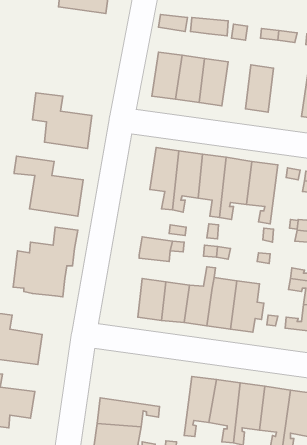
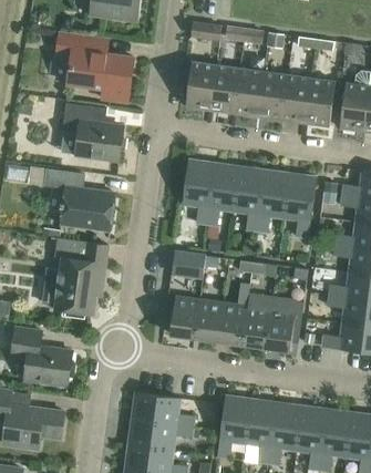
building: none -> [55,33,134,104]
building: none -> [257,71,287,120]
building: none -> [305,78,334,126]
building: none -> [132,393,194,426]

